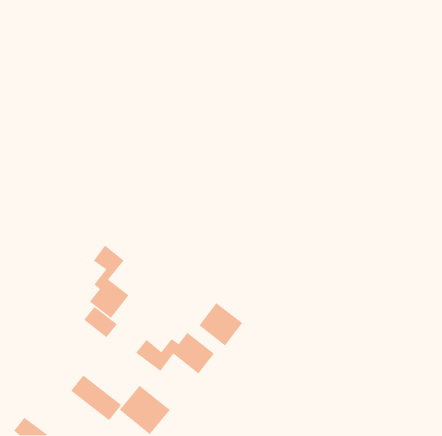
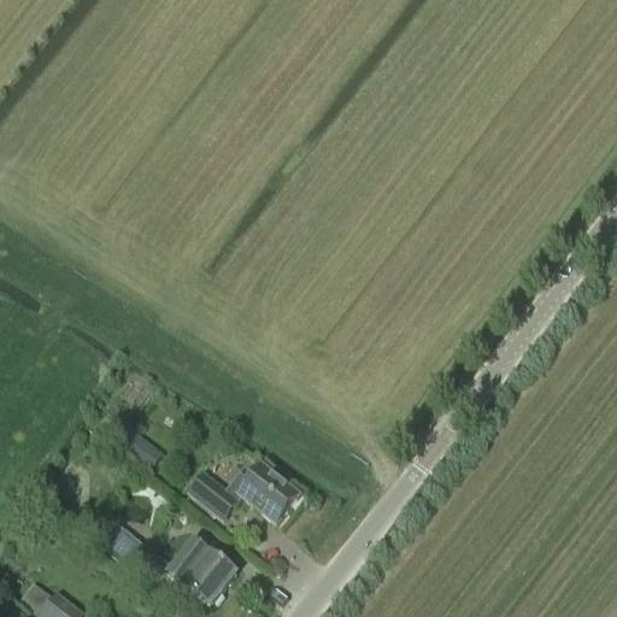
building: [89,245,129,319] -> none
building: [198,302,243,346] -> none

